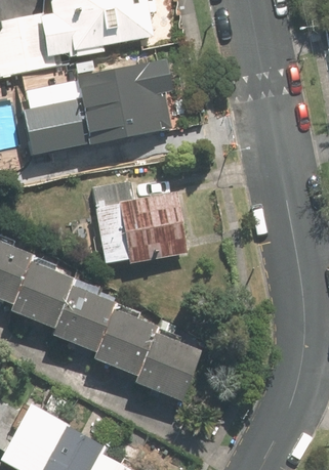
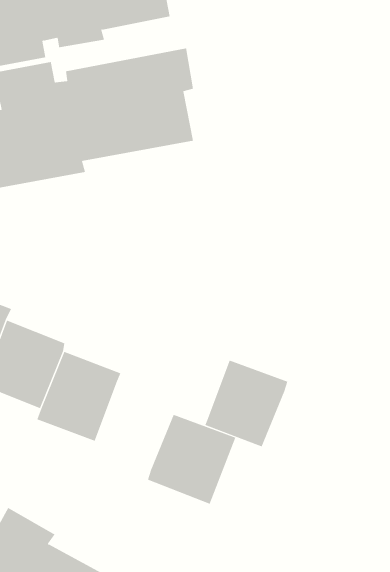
building: [94,172,191,264] -> none
building: [97,308,160,374] -> [205,360,288,447]

